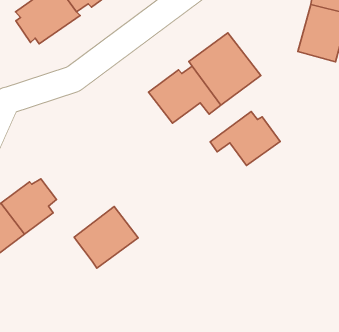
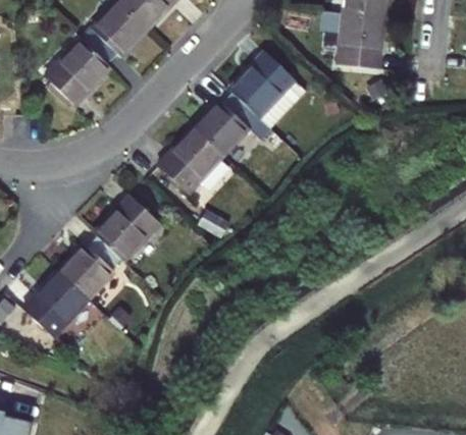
building: none -> [160,129,224,194]
building: [210,111,280,166] -> none
building: [74,207,138,268] -> [97,195,162,260]

